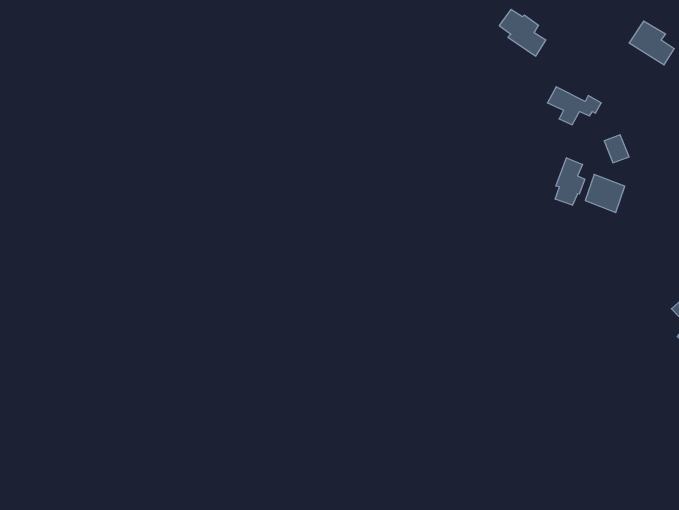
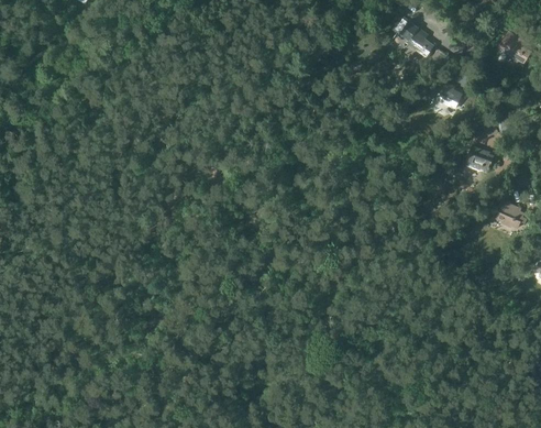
building: [555,158,585,205] -> none
building: none -> [494,199,527,228]

